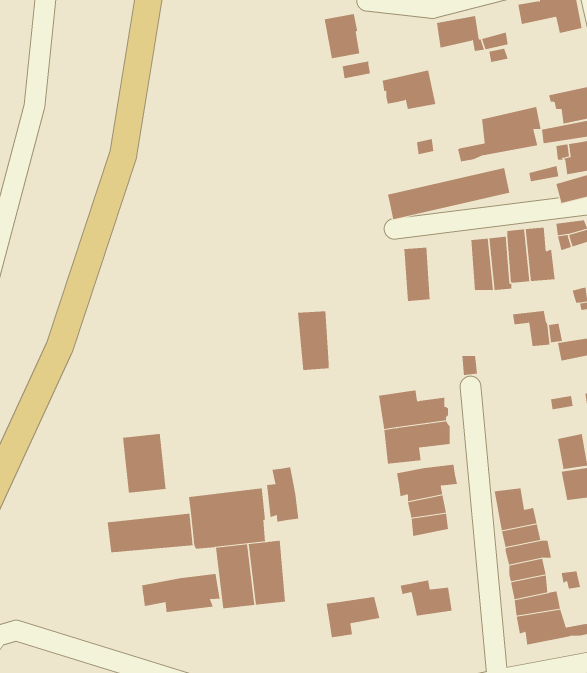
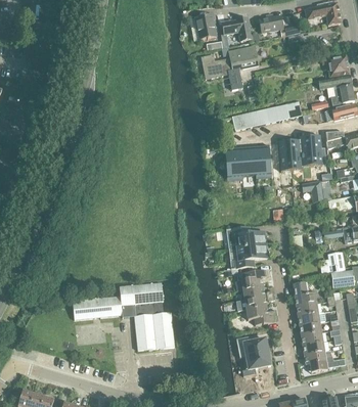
building: none -> [222,17,252,40]
building: none -> [202,54,242,89]
building: [458,106,541,163] -> none
building: none -> [254,144,271,178]
building: [297,311,330,370] -> [224,146,242,180]
building: [123,433,166,494] -> none
building: [266,467,299,523] -> none
building: none -> [245,305,278,324]
building: [141,573,220,613] -> none
building: [326,596,380,638] -> [240,351,271,374]

